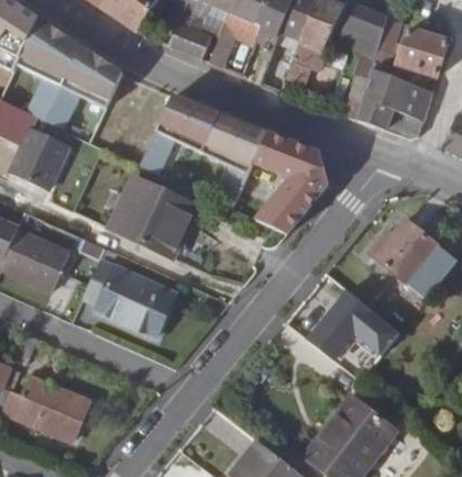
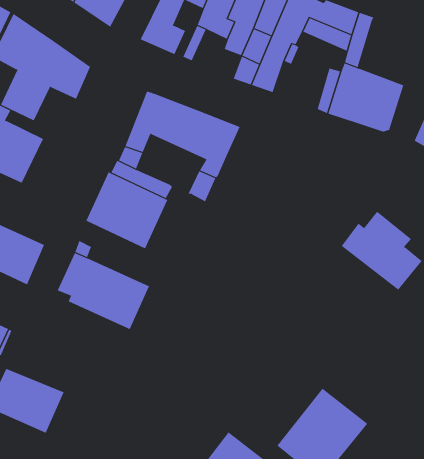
building: [397,29,448,76] -> none
building: [254,133,328,234] -> none
building: [307,290,399,359] -> none

